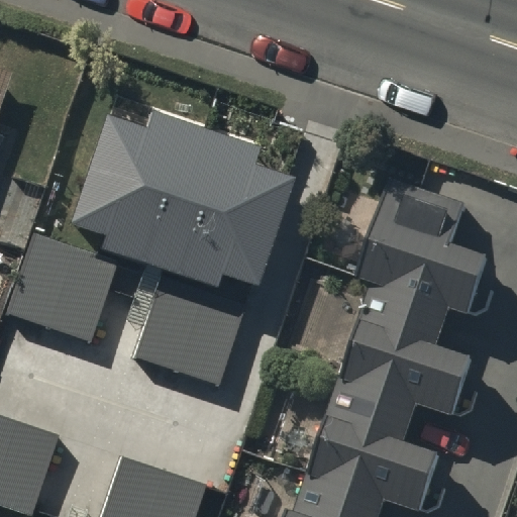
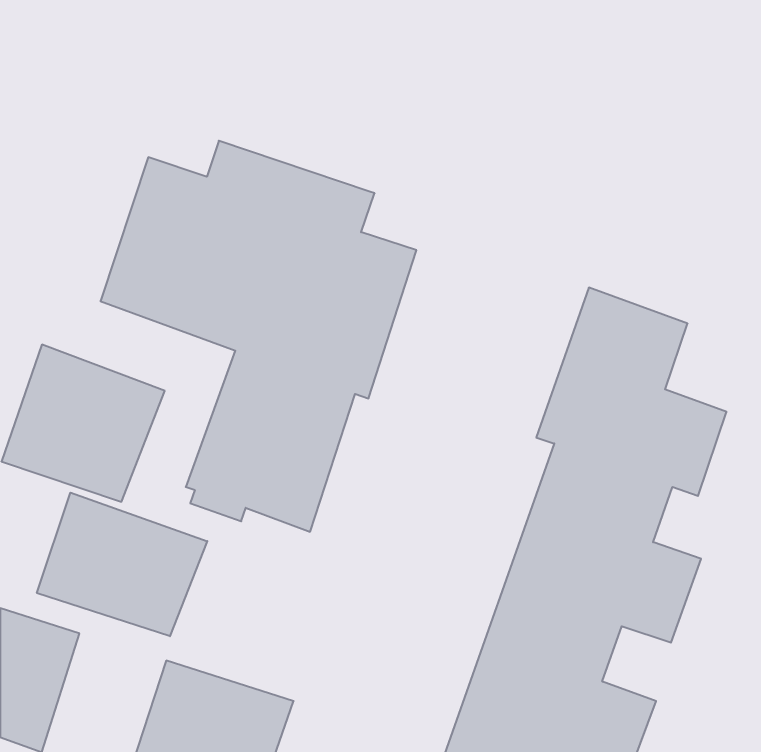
building: none -> [37,493,207,636]

